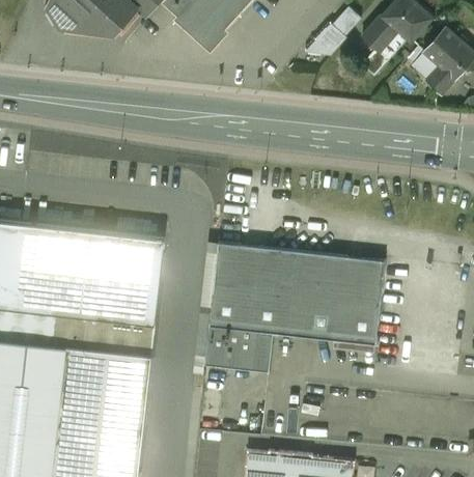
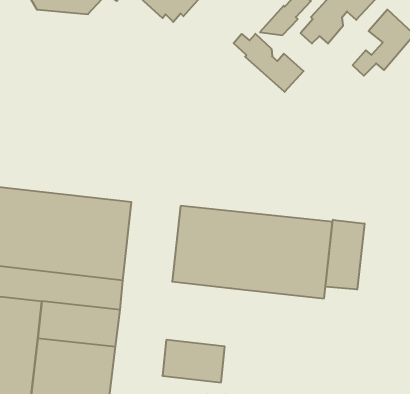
building: none -> [234,34,304,92]
building: none -> [325,220,364,290]
building: [203,327,272,373] -> [162,340,225,382]

